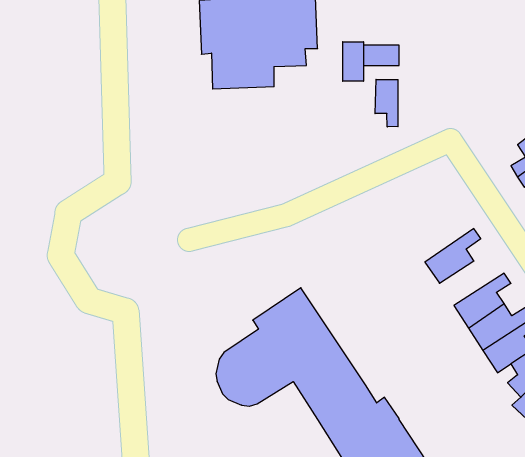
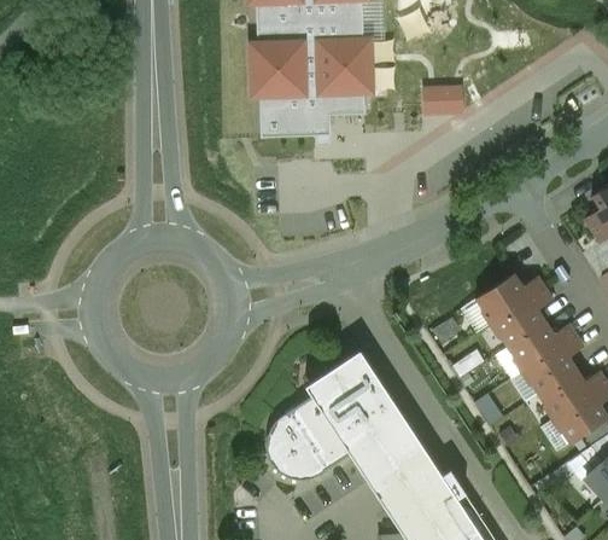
building: [343,42,363,81] -> none
building: [375,79,398,127] -> none
building: none -> [474,274,544,324]
building: none -> [507,323,577,371]

